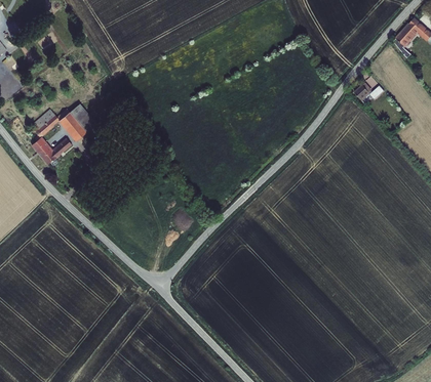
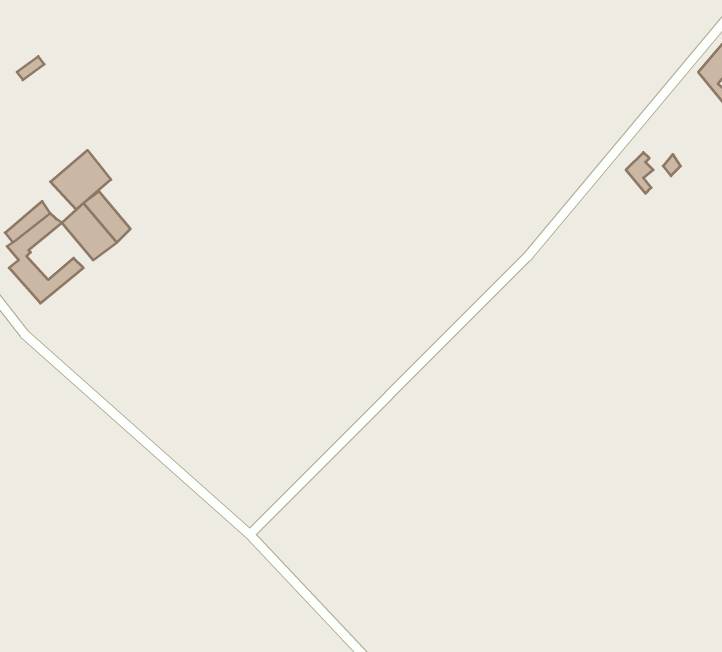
building: none -> [50,150,111,209]

